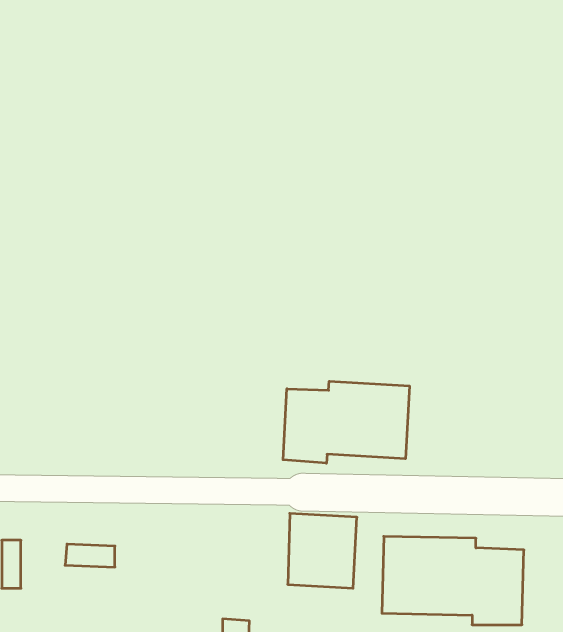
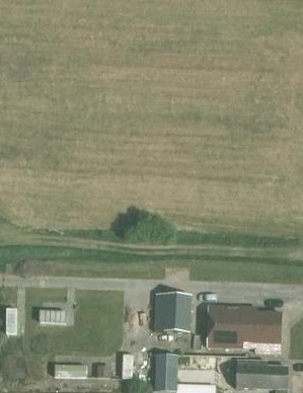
building: [283,381,409,463] -> none

